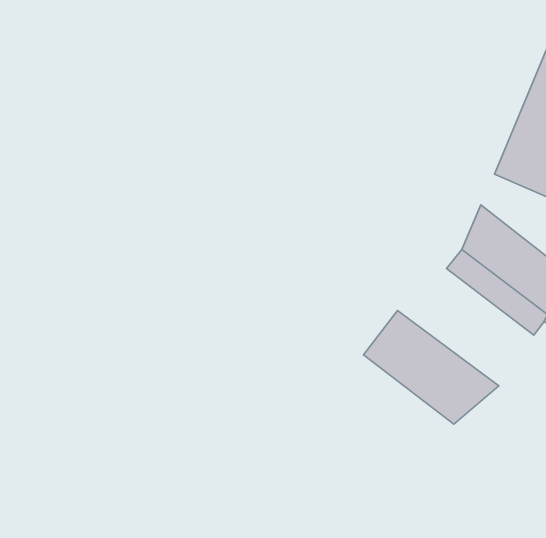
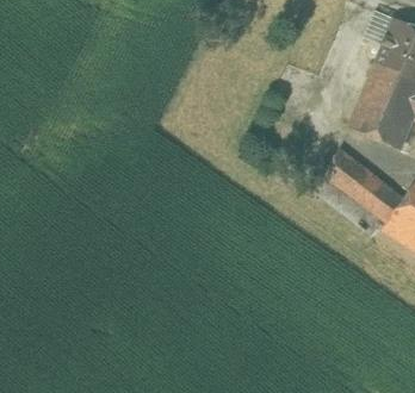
building: [363,311,499,424] -> none

